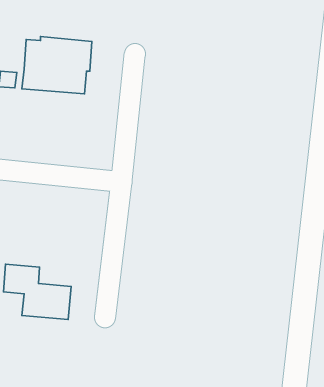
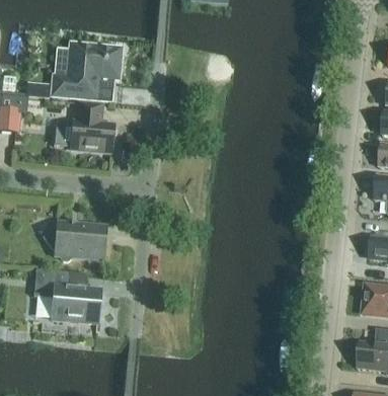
building: none -> [70,101,113,152]
building: none -> [44,221,105,259]

